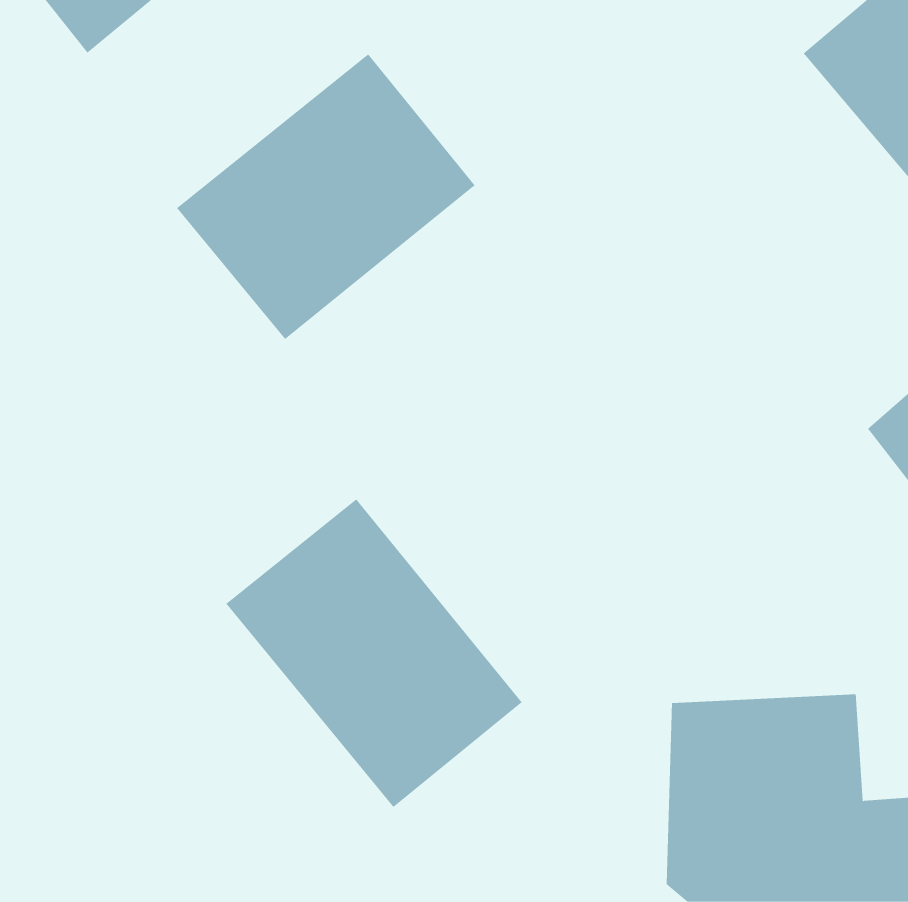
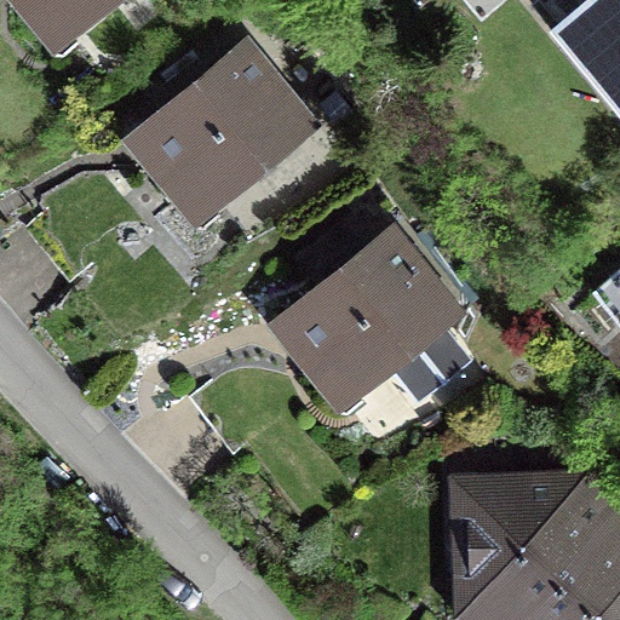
building: none -> [283,223,478,396]
building: [225,499,523,808] -> none

